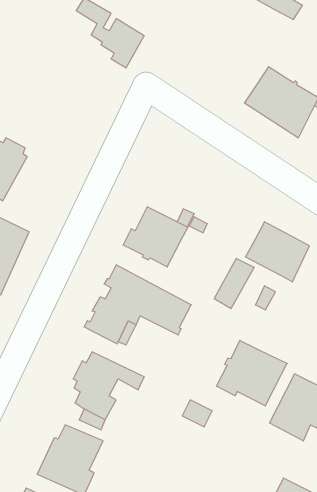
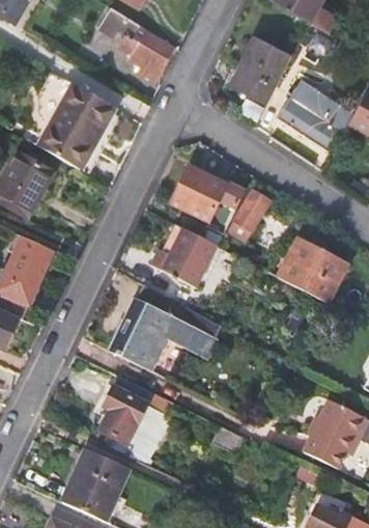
building: none -> [229,33,289,102]
building: none -> [40,84,113,170]
building: none -> [169,166,224,221]
building: [214,258,254,308] -> [228,190,269,242]
building: [216,340,287,406] -> none

